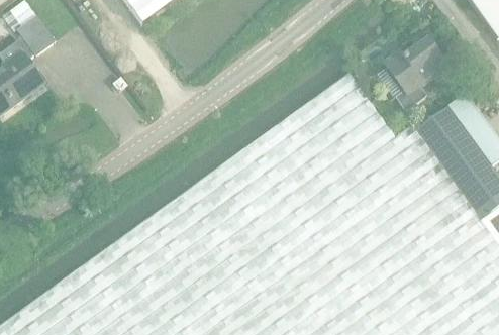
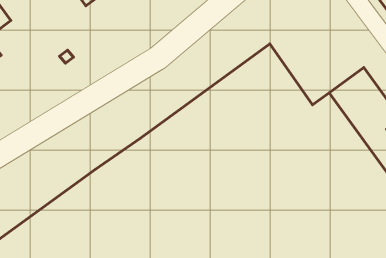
building: [383,40,445,111] -> none

